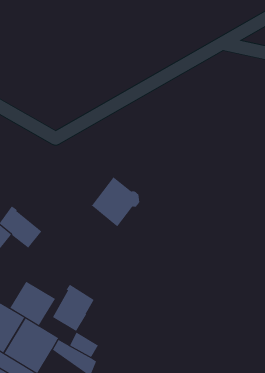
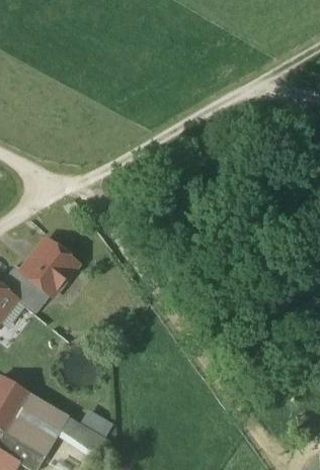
building: [91,177,140,227] -> [20,241,76,297]
building: [9,281,56,326] -> none
building: [52,284,95,332] -> none

